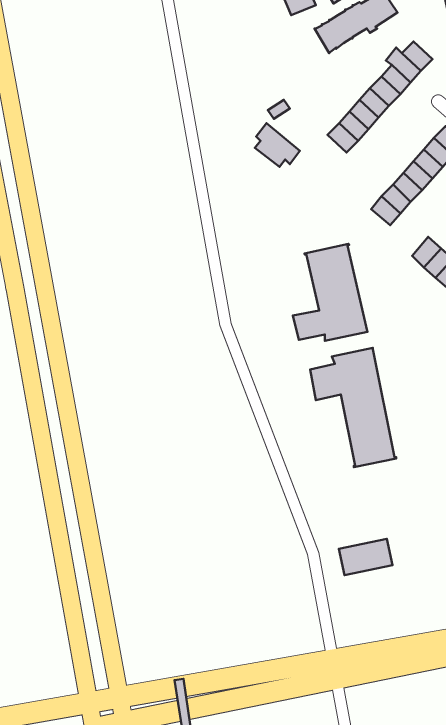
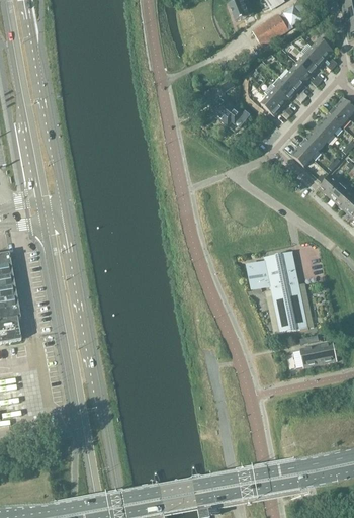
building: [293,244,368,341] -> none
building: [339,539,393,575] -> [299,341,337,366]

